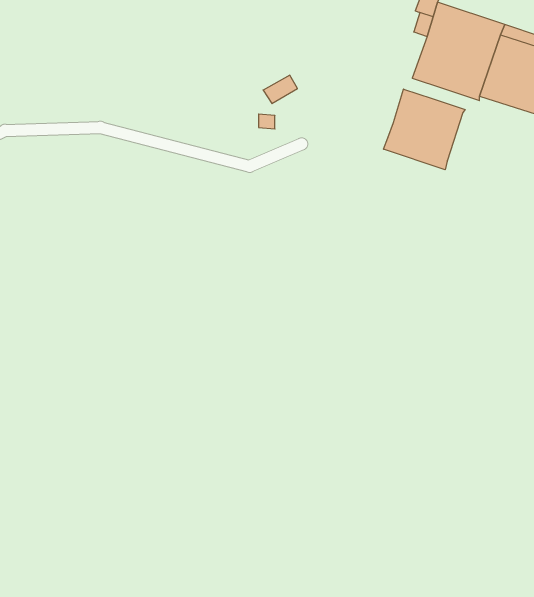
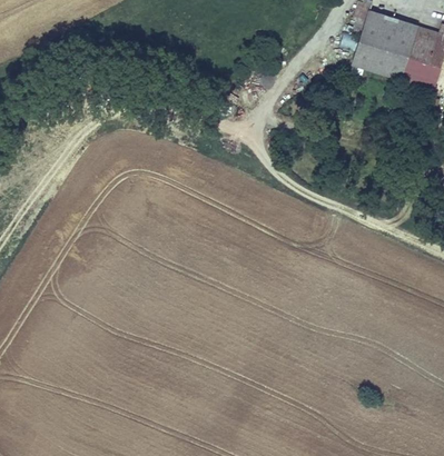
building: [384,89,465,170] -> none

